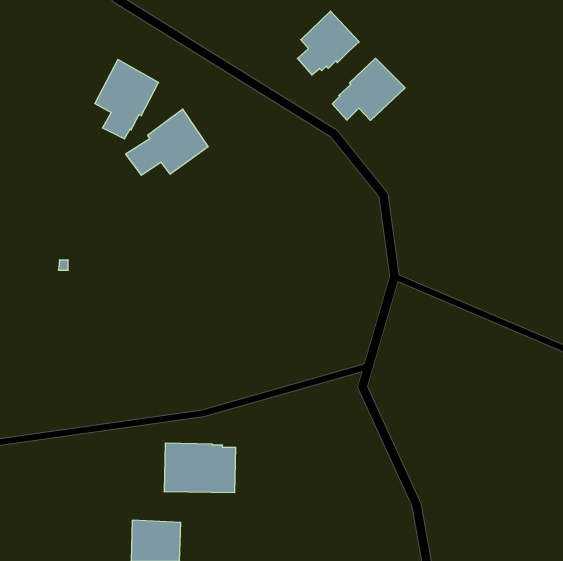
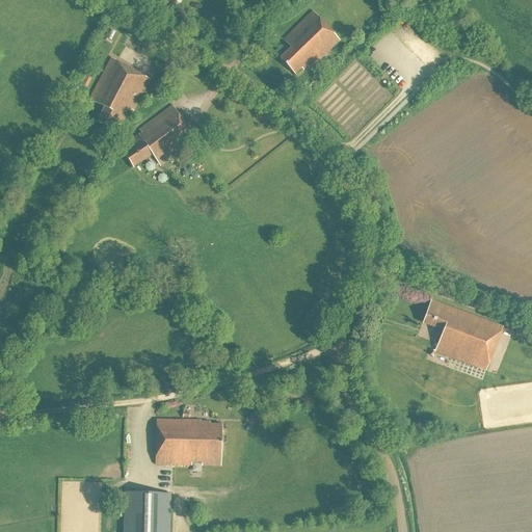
building: [332,58,405,120] -> none
building: none -> [422,298,503,369]

